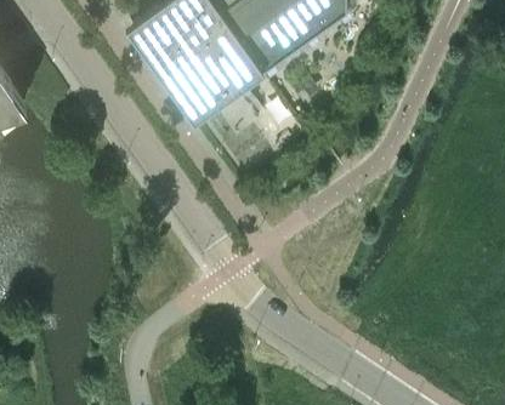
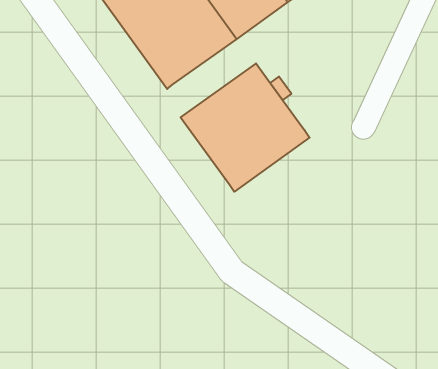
building: none -> [181,63,310,192]

